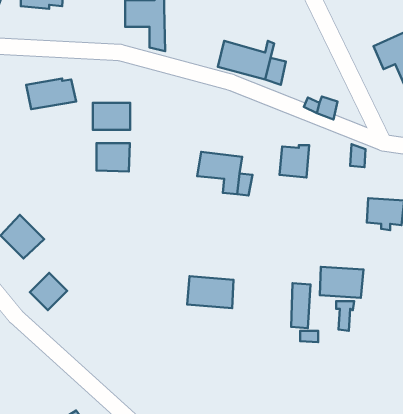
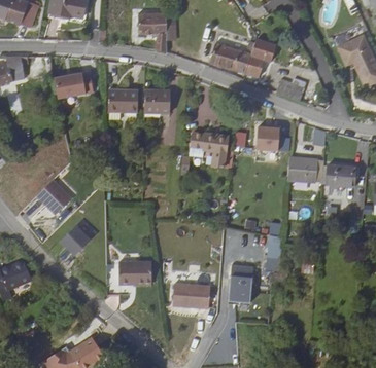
building: none -> [251,38,278,61]
building: [97,143,130,172] -> [144,90,171,113]
building: [320,267,363,298] -> [290,156,326,181]
building: [187,276,233,308] -> [175,285,212,310]
building: none -> [116,262,150,285]
building: none -> [231,278,254,303]

